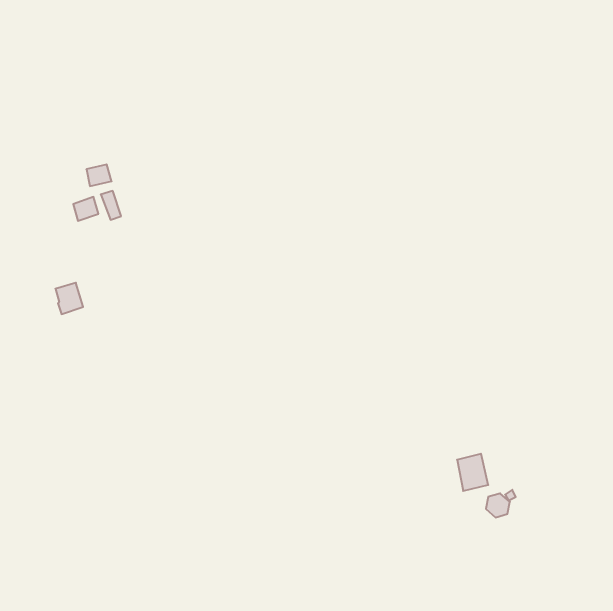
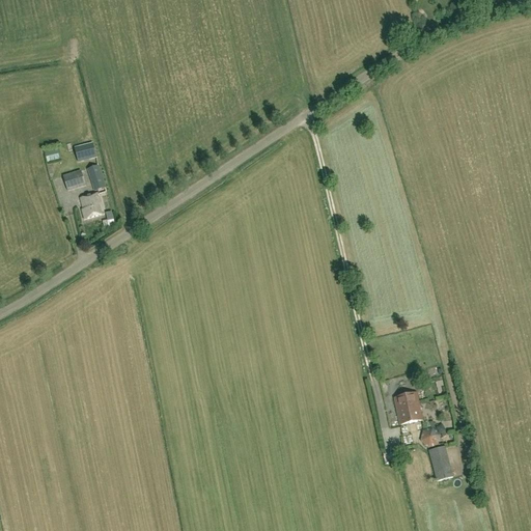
building: [55,283,83,314] -> [80,192,104,219]
building: none -> [429,446,453,480]

